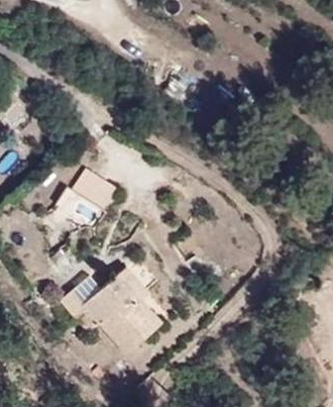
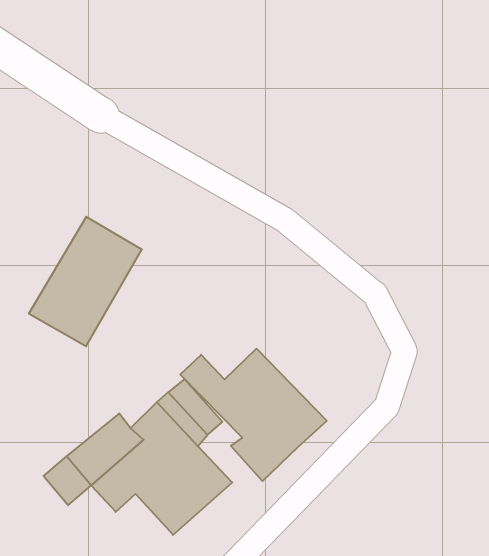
building: none -> [180,349,327,481]

